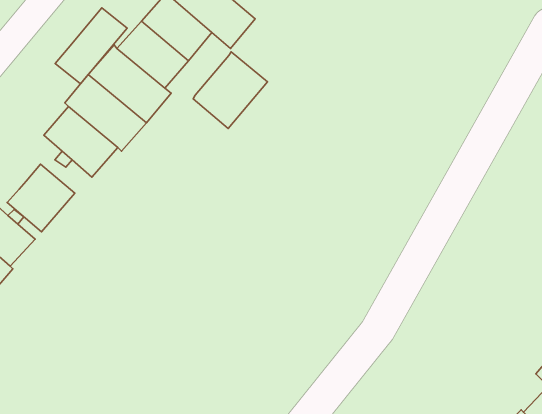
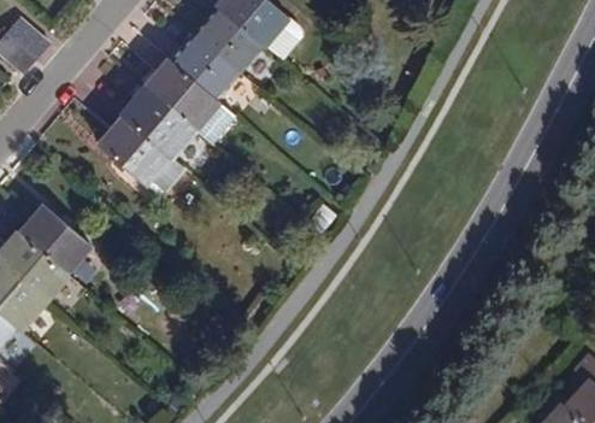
building: [55,8,127,84] -> none
building: [193,52,268,128] -> none
building: [7,164,75,232] -> none

